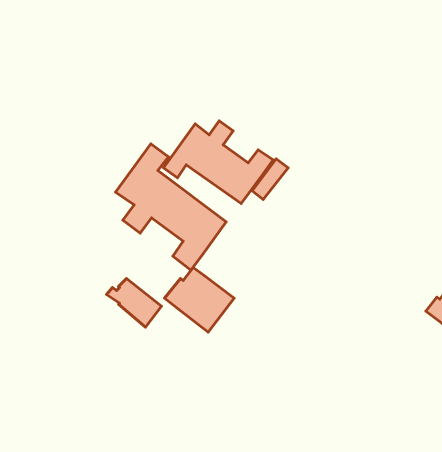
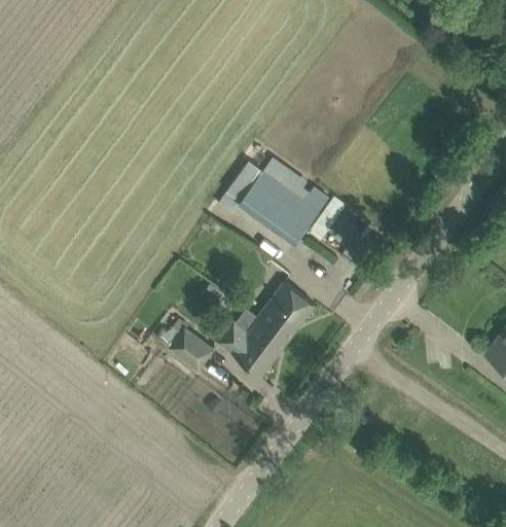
building: [115,144,226,270] -> none
building: none -> [258,282,315,341]

